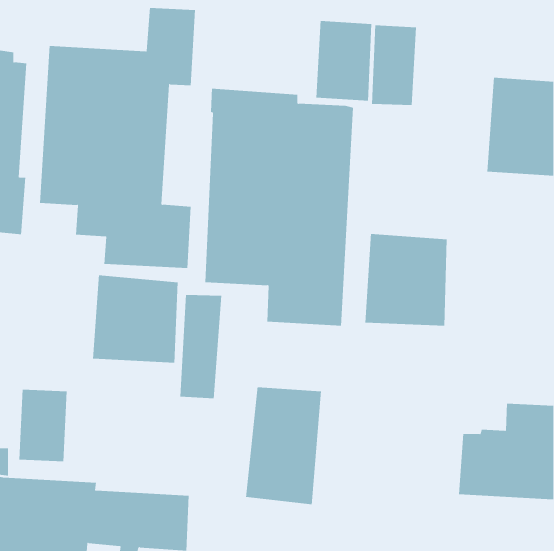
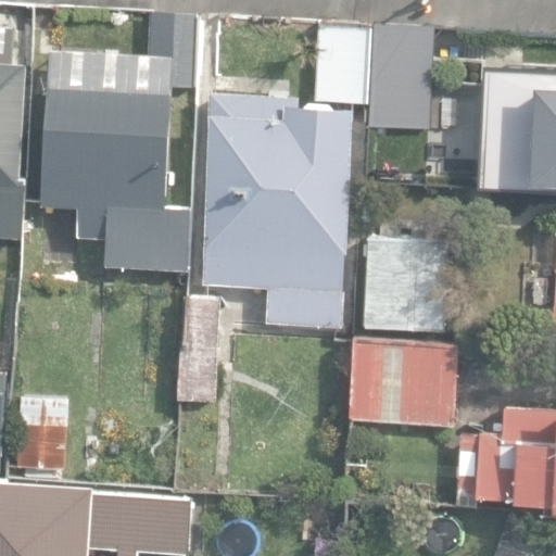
building: [93,275,178,363] -> none
building: none -> [348,338,460,430]
building: [245,386,322,505] -> none

